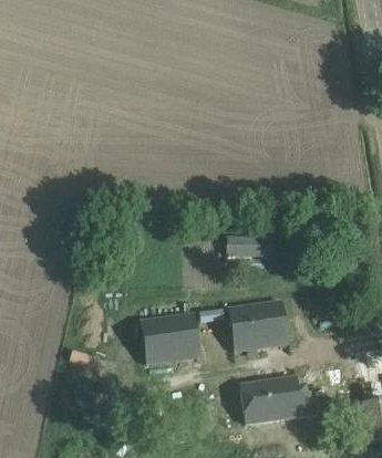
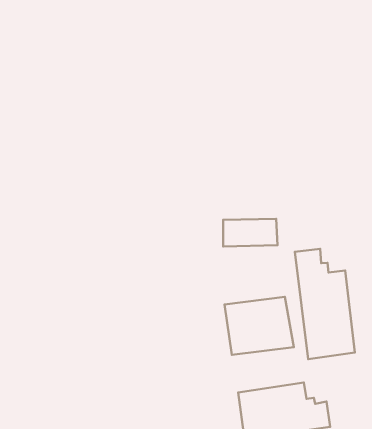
building: none -> [295,249,355,359]
building: [143,316,200,360] -> none

